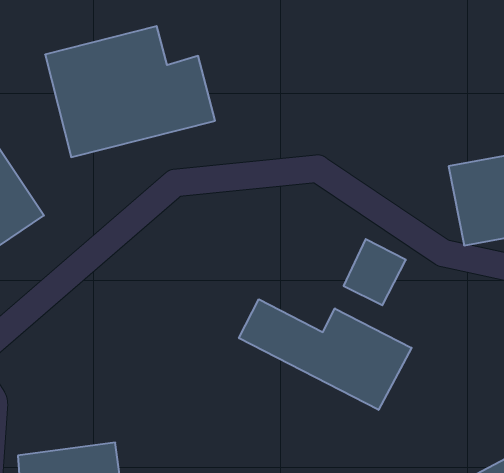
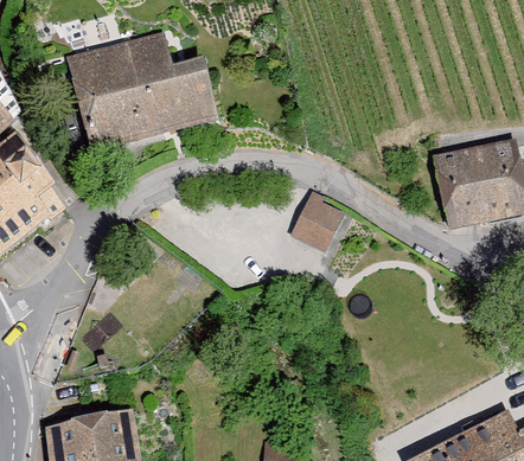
building: [344,239,406,305] -> [292,187,349,248]
building: [239,299,412,410] -> none

